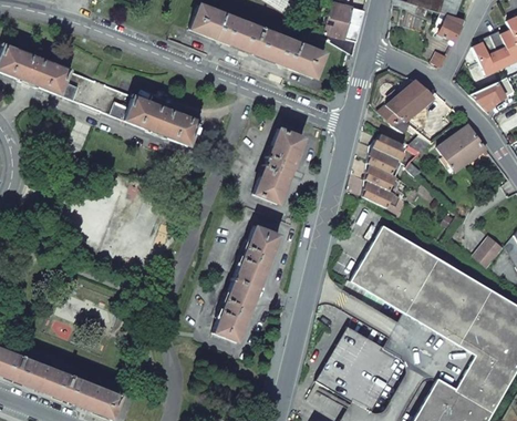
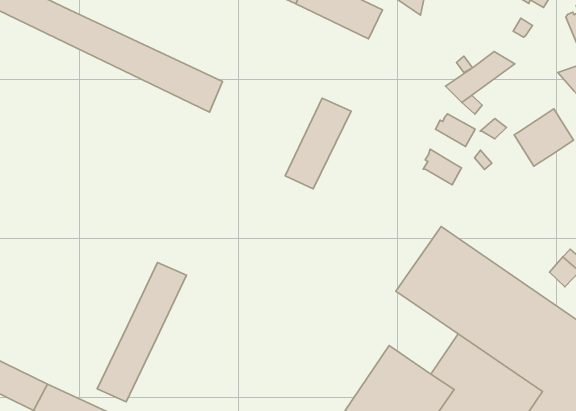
building: [369,147,400,175] -> none
building: [364,181,395,208] -> none
building: [214,226,280,341] -> [97,262,187,402]

